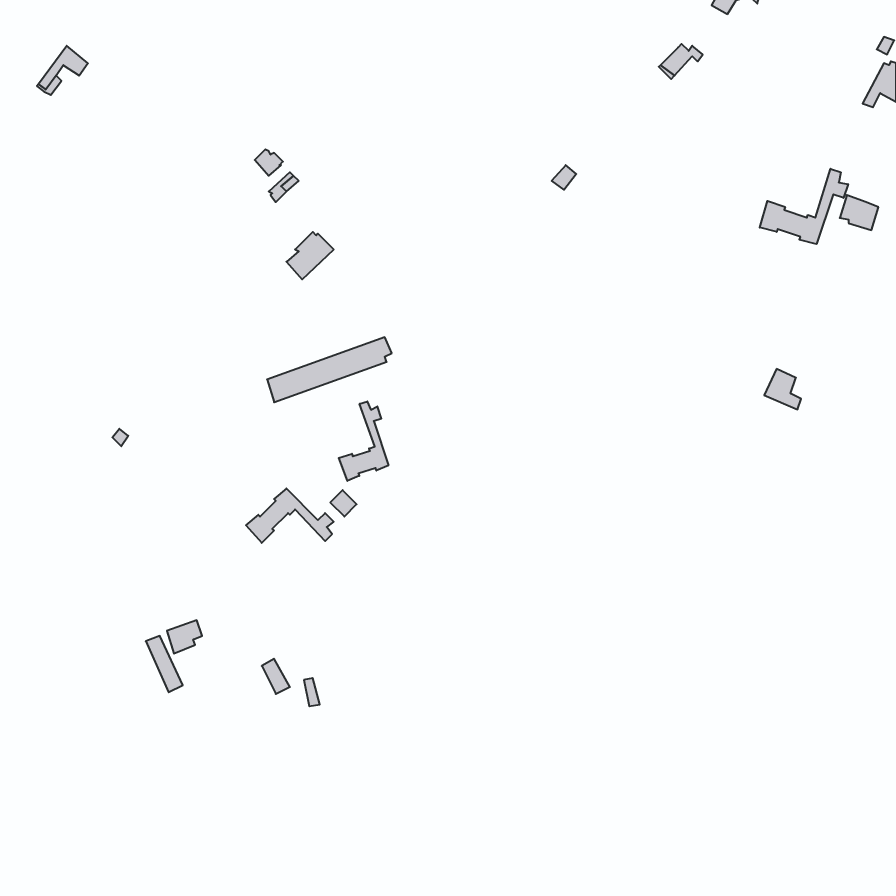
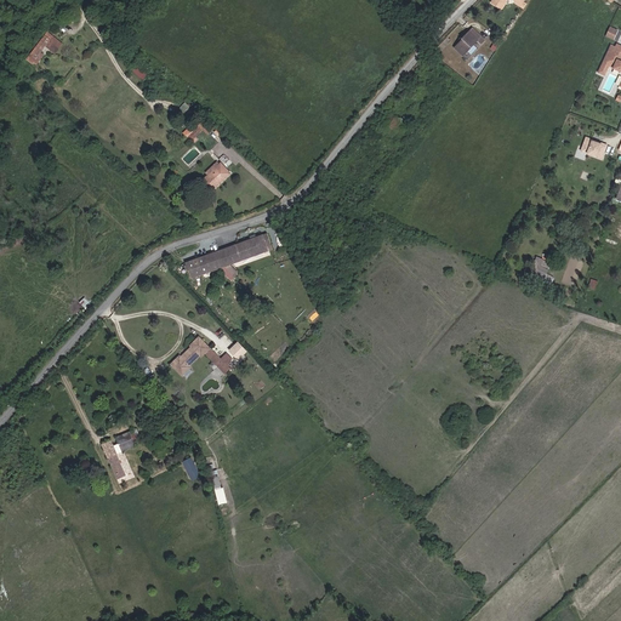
building: [760,169,848,244] -> none
building: [339,401,388,481] -> none

